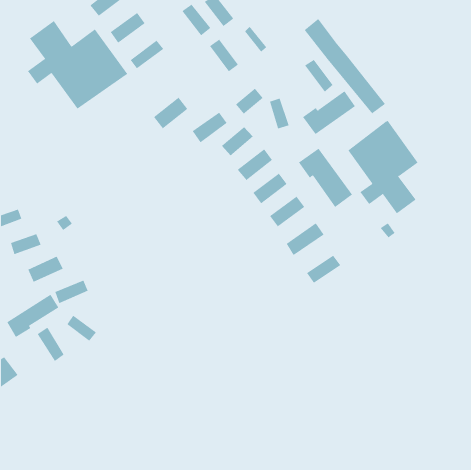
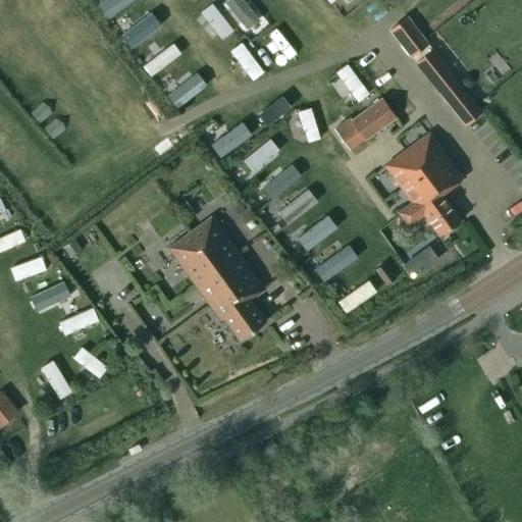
building: [304,18,386,114] -> [389,17,480,123]
building: [27,20,128,109] -> none
building: [153,97,188,129] -> [168,72,207,108]
building: [298,148,353,208] -> none
building: none -> [168,215,265,340]
building: [6,294,59,338] -> none

